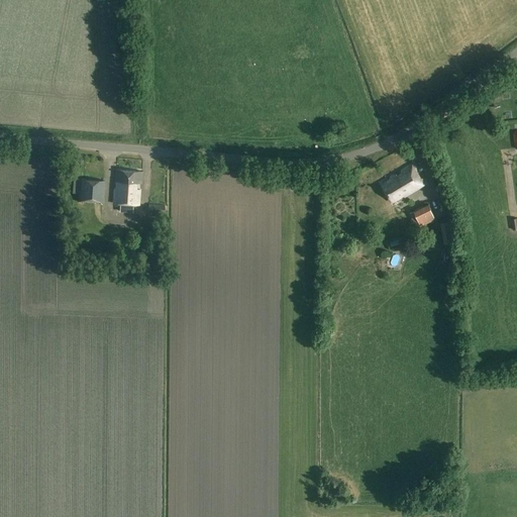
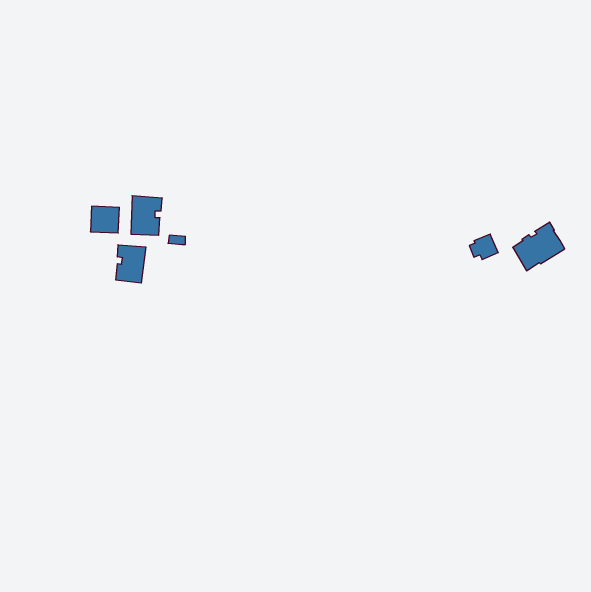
building: [380,162,425,204] -> [513,222,565,271]
building: none -> [116,245,146,283]

